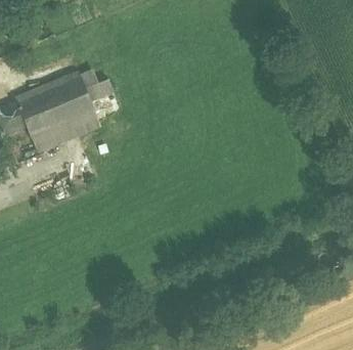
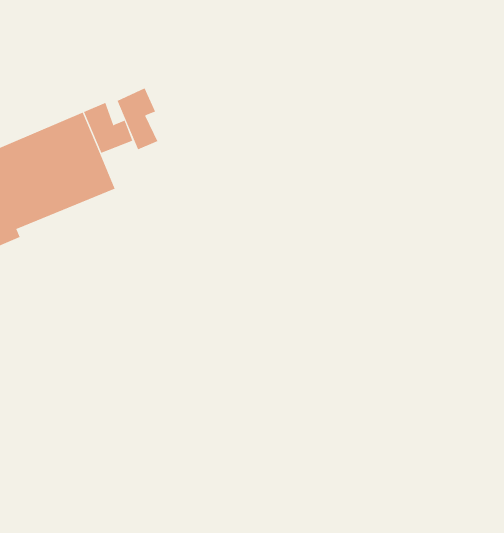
building: none -> [117,88,158,150]

